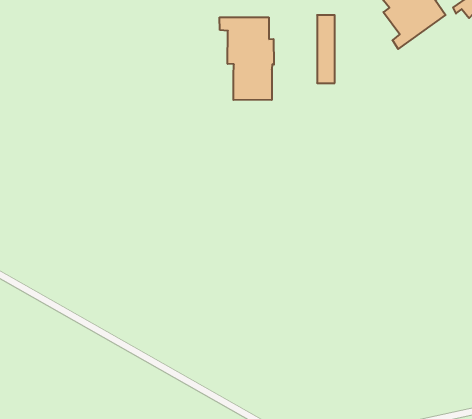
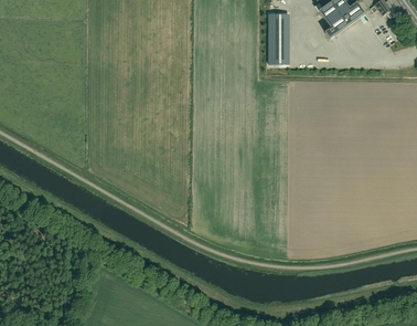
building: [220,17,274,100] -> none

